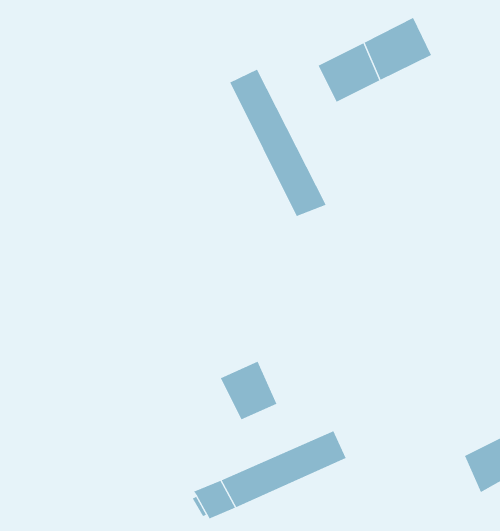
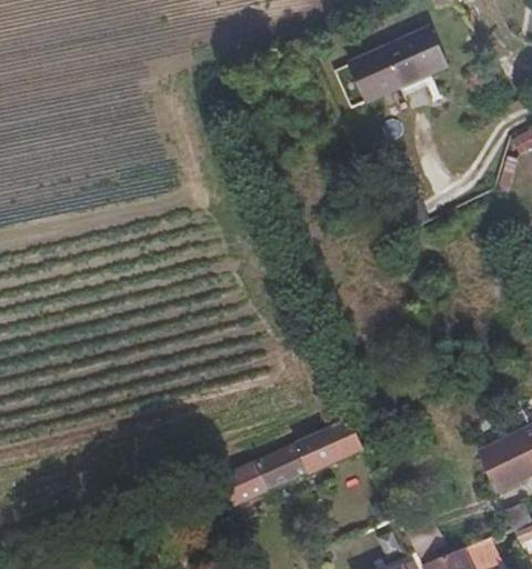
building: [229,69,326,217] -> none
building: [220,361,277,420] -> none

